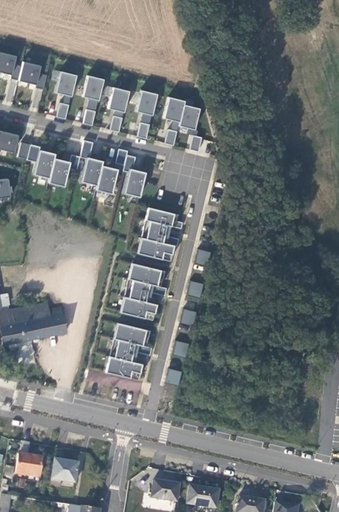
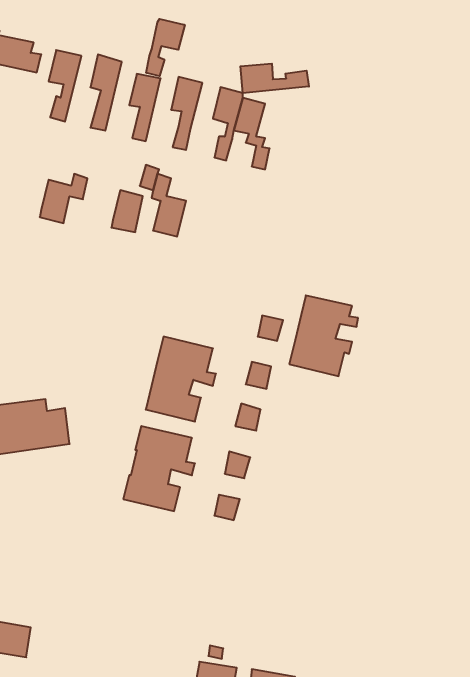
building: none -> [146,19,185,76]
building: none -> [240,64,309,93]
building: [80,140,103,185] -> none
building: [26,145,55,178] -> none
building: [136,207,182,261] -> [289,295,358,376]
building: [51,459,79,484] -> none

